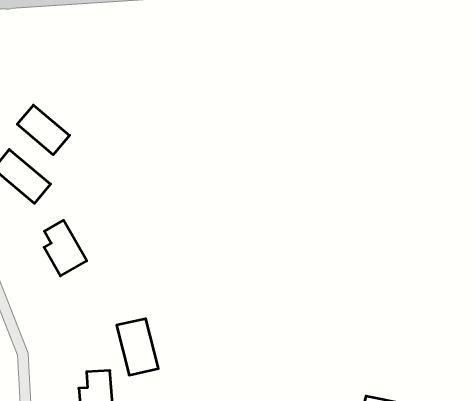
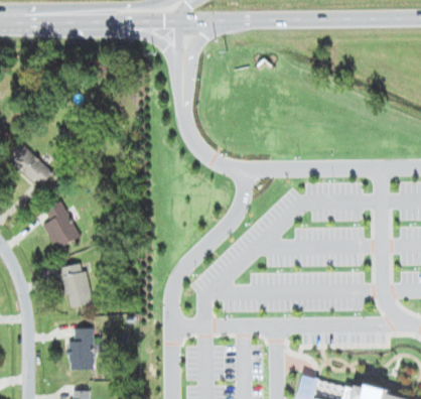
building: [17,105,70,155] -> none
building: [117,319,158,375] -> [60,265,93,310]

